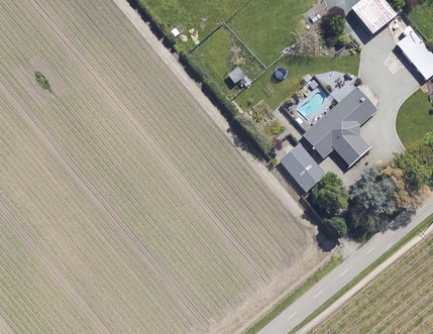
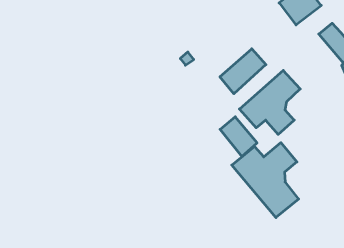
building: none -> [220,49,266,94]
building: none -> [232,143,299,218]

